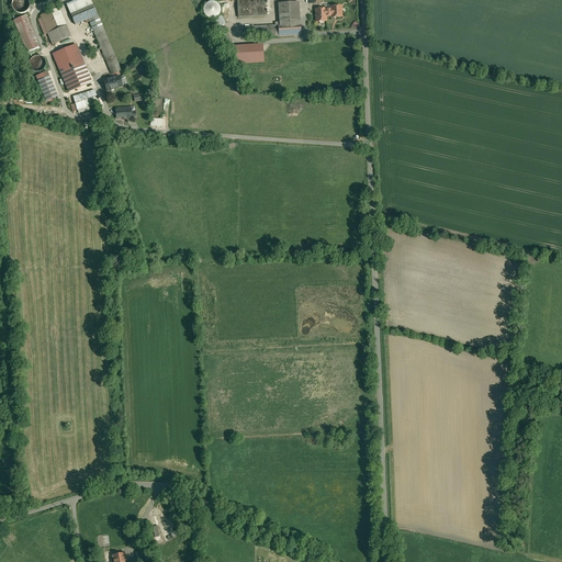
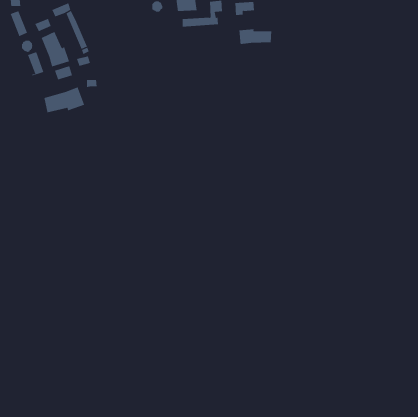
building: none -> [239,29,272,45]
building: [235,43,263,61] -> none
building: none -> [44,87,85,113]

